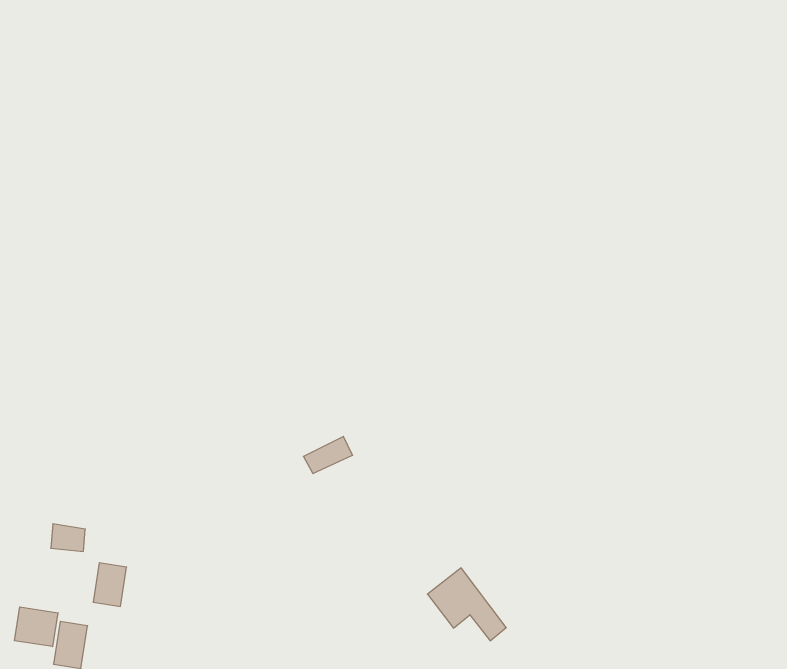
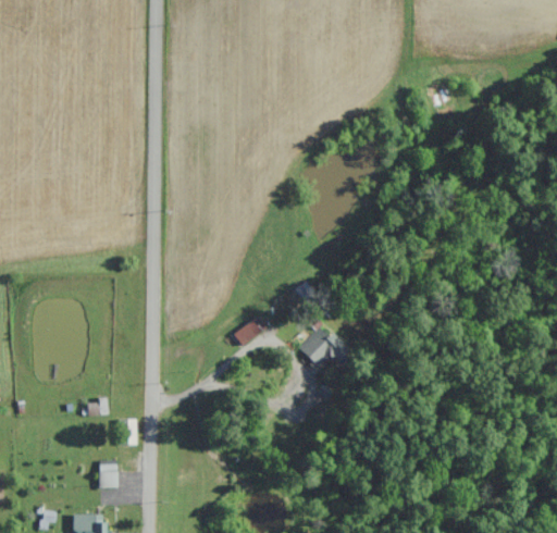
building: [427,568,506,641] -> [300,329,352,371]
building: [15,607,58,647] -> none

